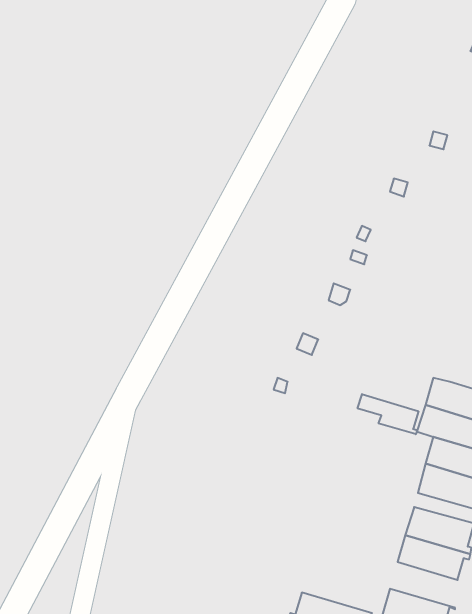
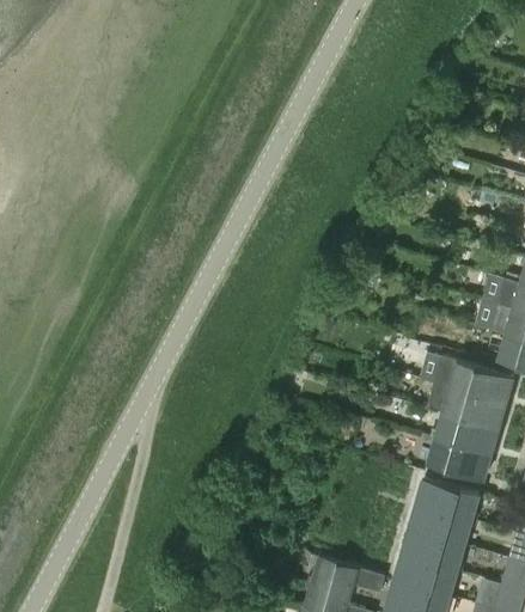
building: [358,394,418,434] -> none
building: none -> [402,531,465,574]

